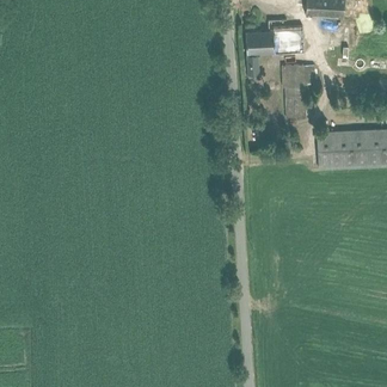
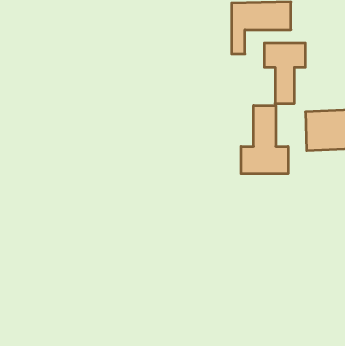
building: none -> [241,105,288,174]

